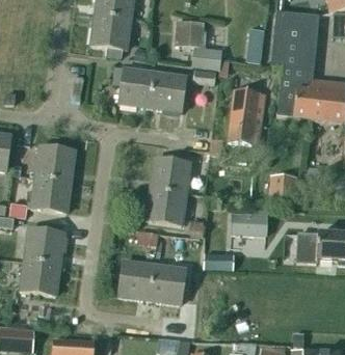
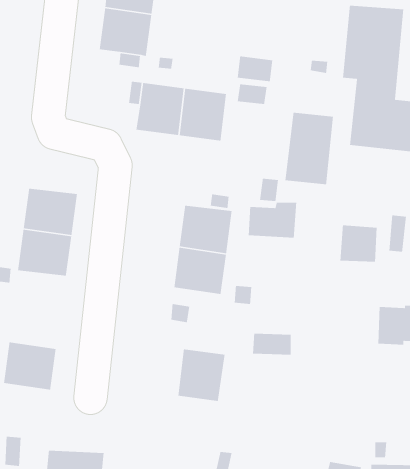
building: [175,20,205,46] -> none
building: [232,209,268,236] -> [248,202,297,239]
building: [25,228,64,264] -> none
building: [118,260,154,299] -> none

